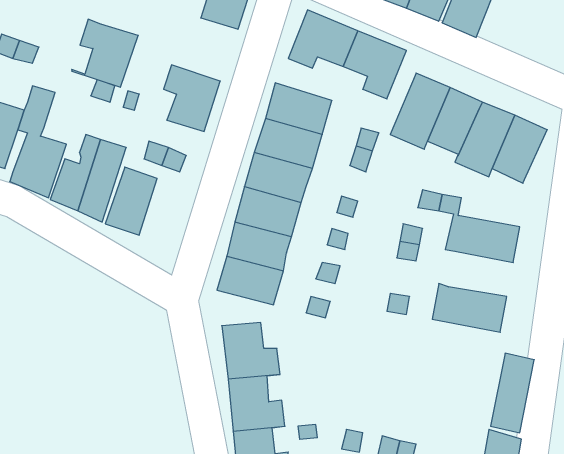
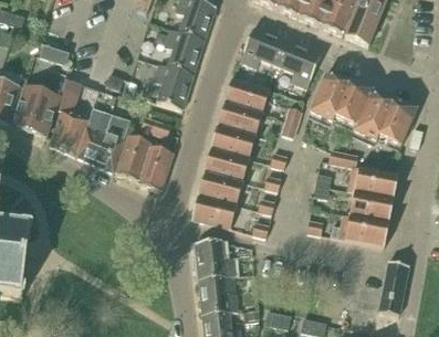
building: [72,19,138,87] -> [160,29,206,75]
building: none -> [137,141,174,190]
building: none -> [349,191,394,222]

